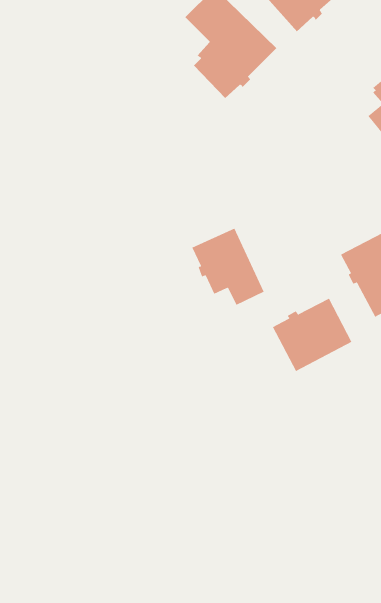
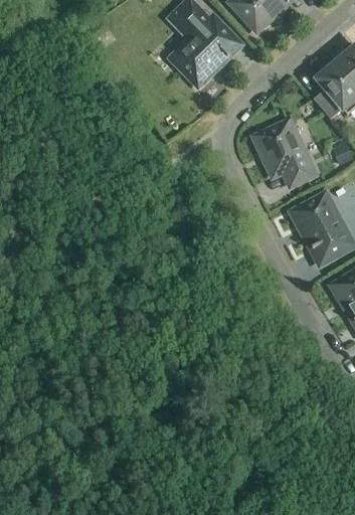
building: [192,228,265,306] -> [254,119,314,182]
building: [272,298,352,372] -> none

